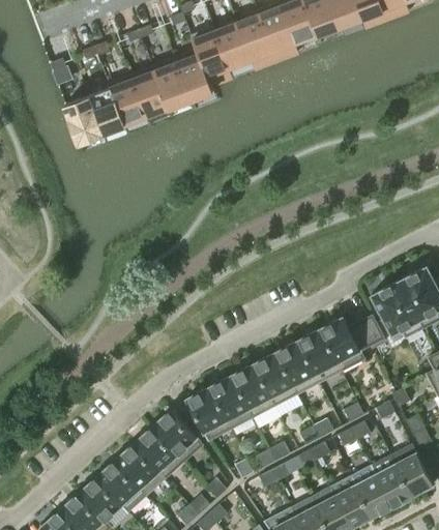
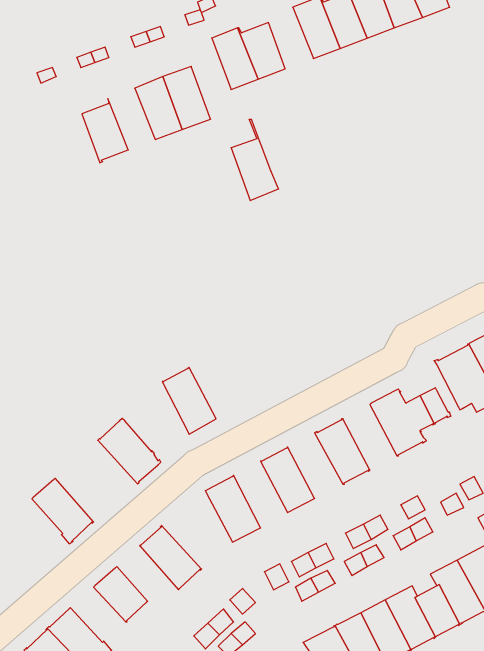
building: [237,10,273,60] -> none
building: [175,35,213,100] -> [231,120,279,201]
building: [108,76,146,125] -> none
building: [65,96,101,144] -> none
building: [297,330,341,383] -> none
building: [253,353,297,406] -> none
building: [209,376,253,430] -> [162,367,216,434]
building: [151,410,202,463] -> [98,418,161,484]
building: [115,444,165,497] -> [32,478,94,544]
building: [78,477,122,522] -> none

